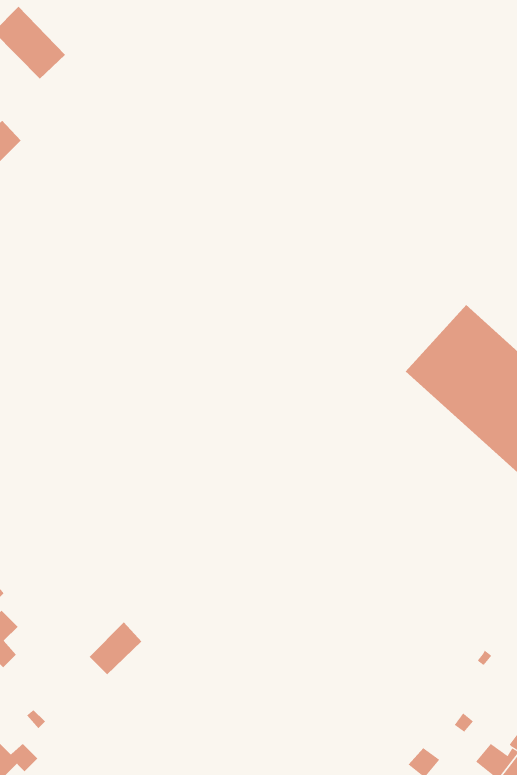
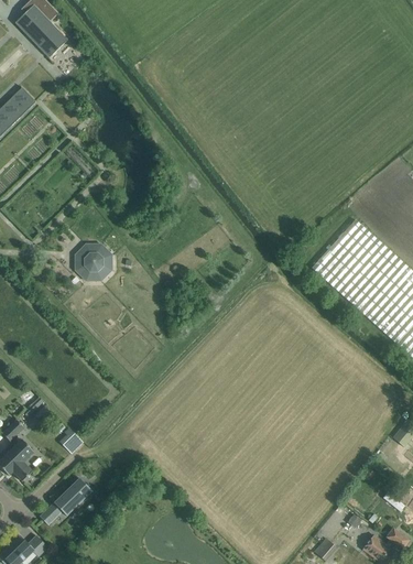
building: none -> [75,245,111,281]
building: [89,622,142,675] -> [53,477,91,516]

